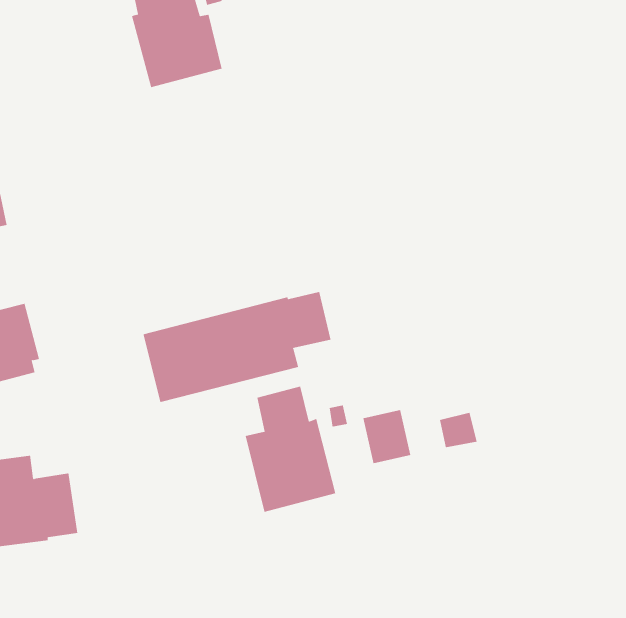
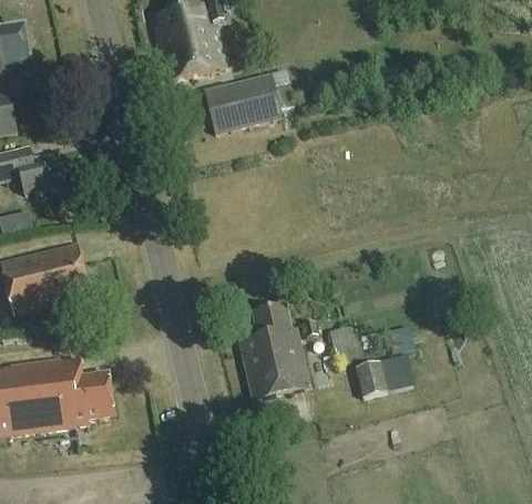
building: none -> [202,72,282,133]
building: [143,291,331,403] -> none
building: none -> [355,353,415,397]

